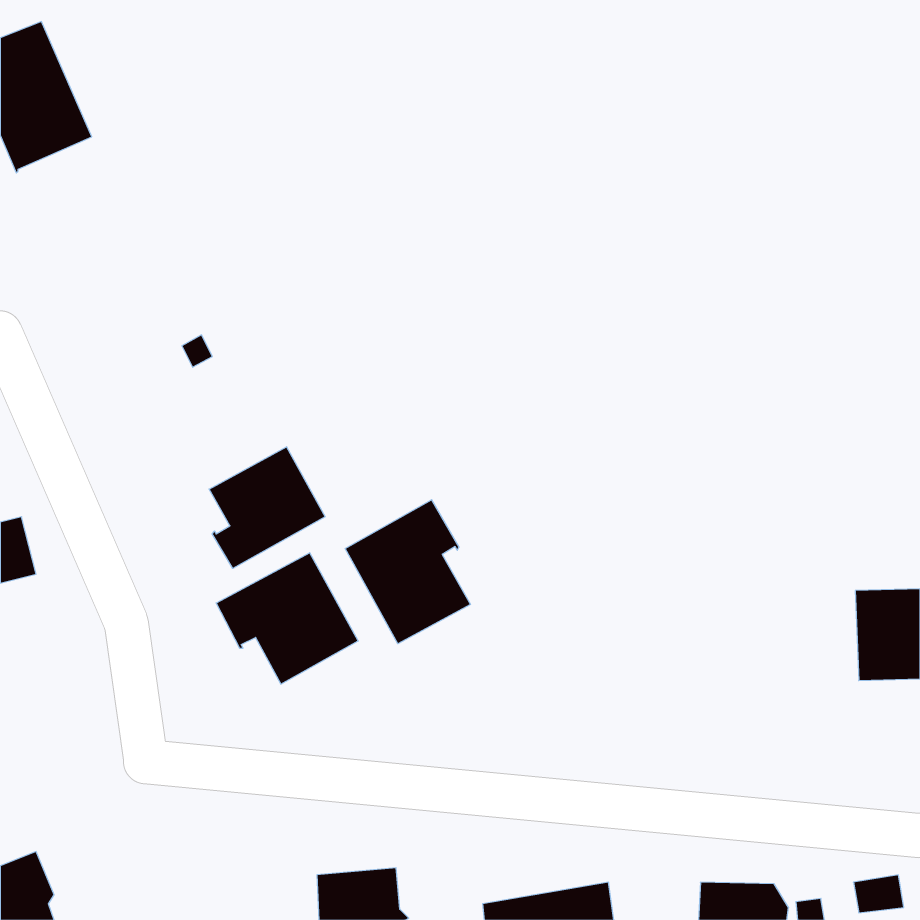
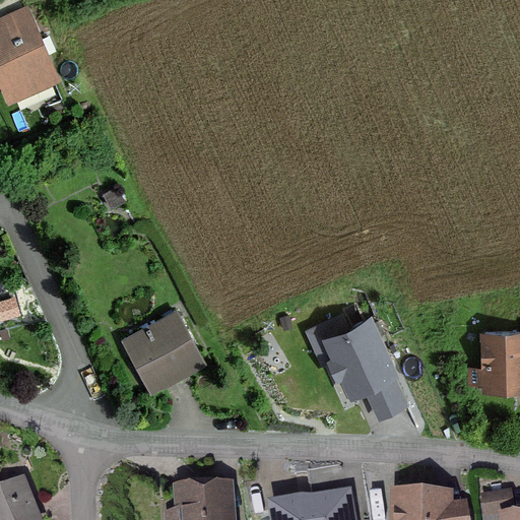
building: [209,447,325,568] -> none
building: [345,500,470,644] -> none
building: none -> [306,310,409,417]

